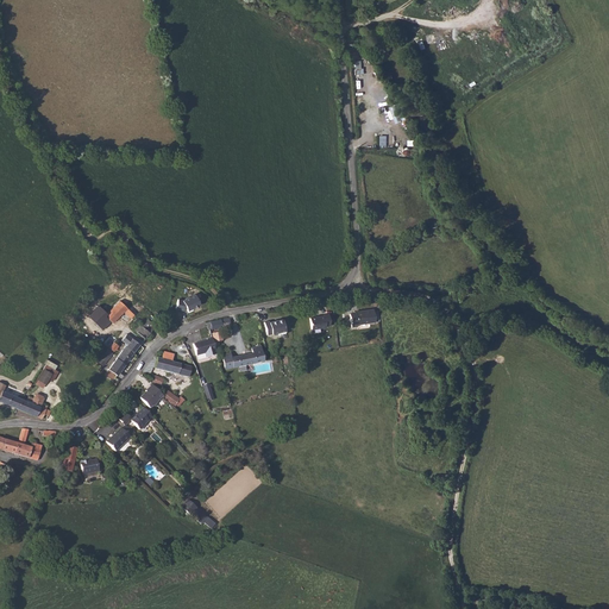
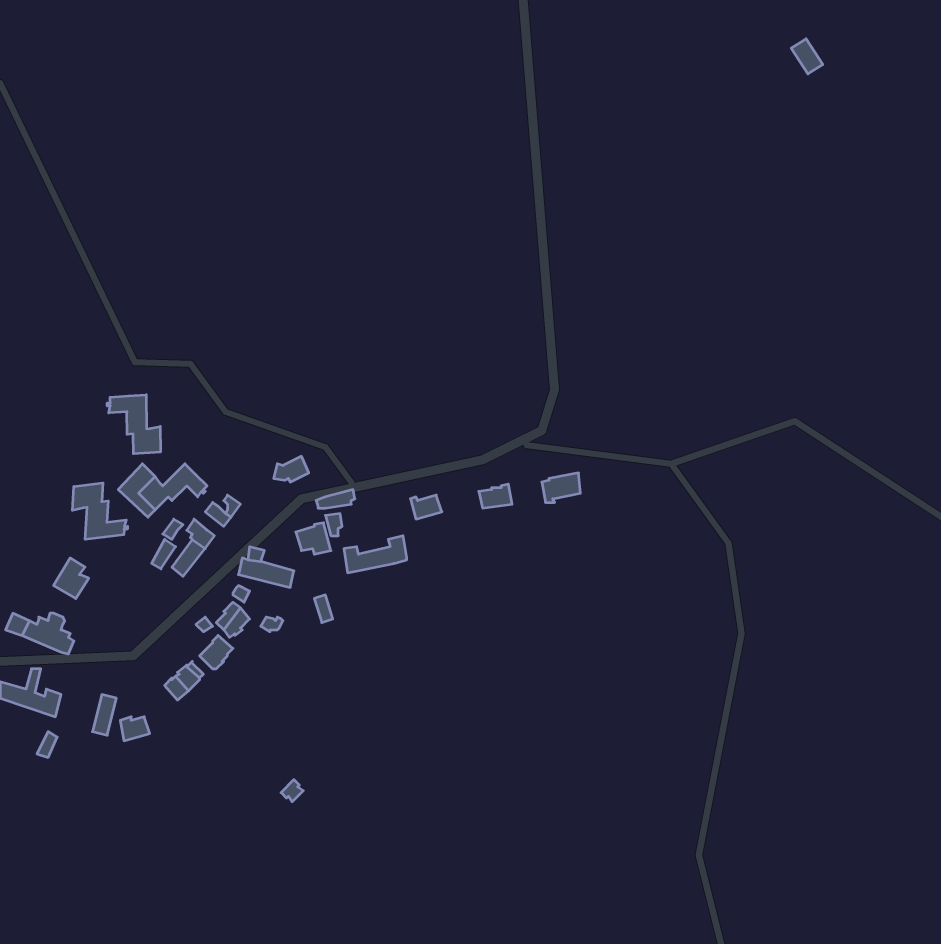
building: none -> [107,395,160,454]
building: none -> [72,483,128,539]

